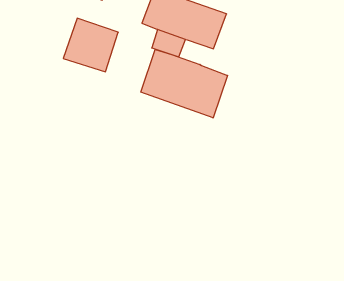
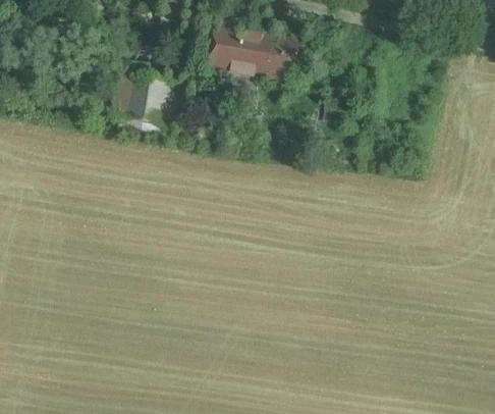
building: [141,50,228,118] -> none

